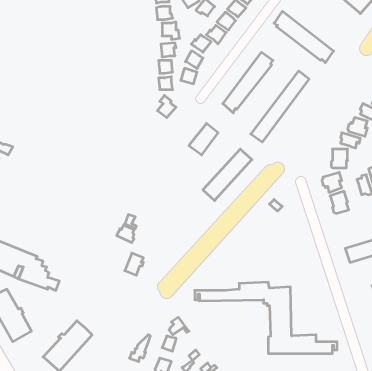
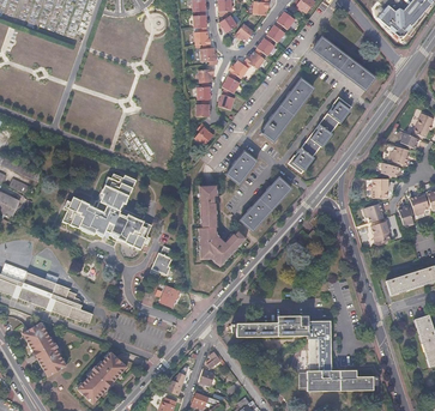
building: none -> [64,174,151,248]
building: none -> [198,183,246,266]

